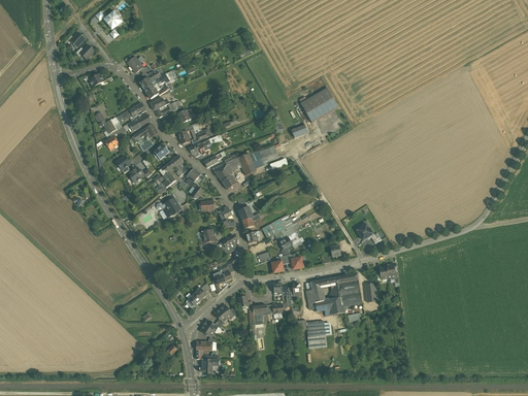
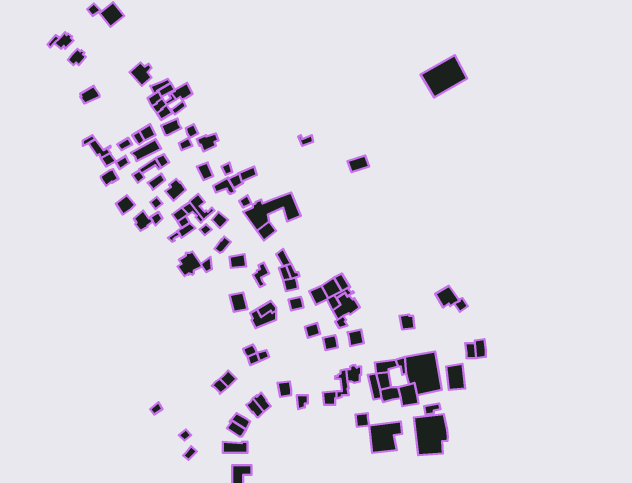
building: [301,91,336,123] -> [420,55,467,98]
building: none -> [414,414,448,455]

